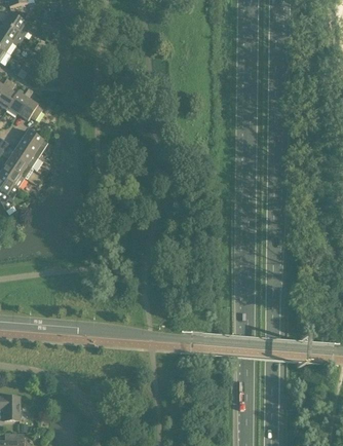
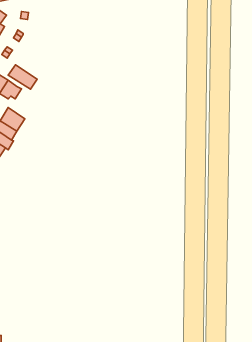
building: none -> [8,65,37,89]

